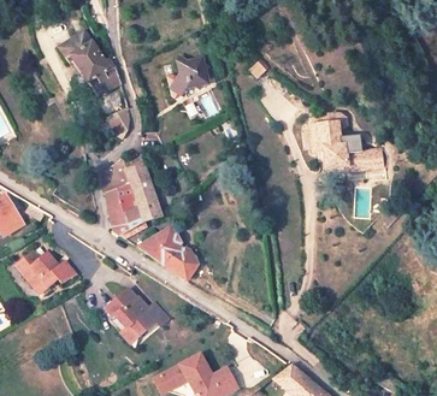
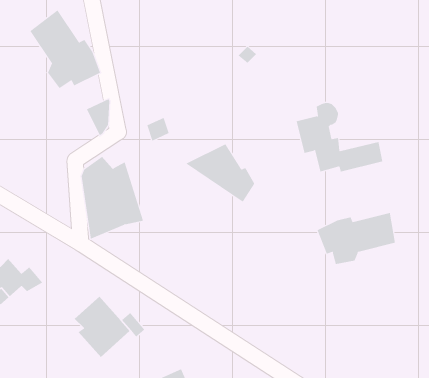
building: [176,58,213,101] -> none
building: none -> [317,212,396,265]
building: [137,229,200,282] -> [185,143,255,202]

